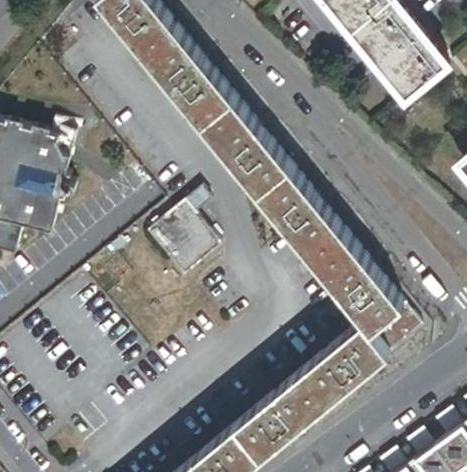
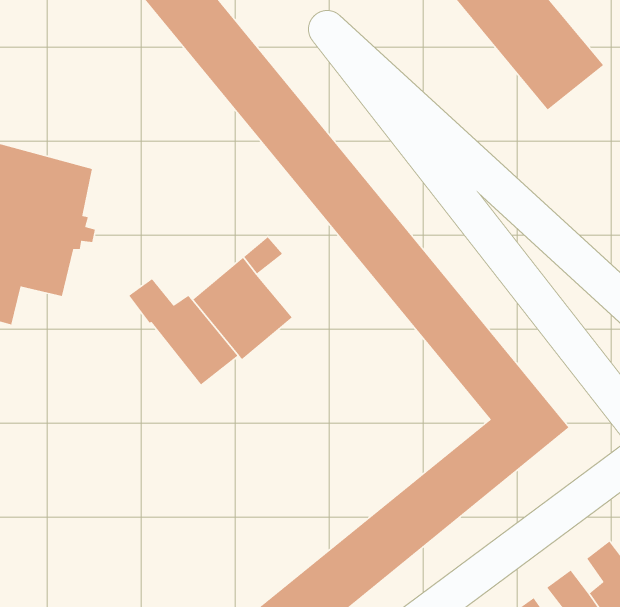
building: none -> [128,278,238,386]

